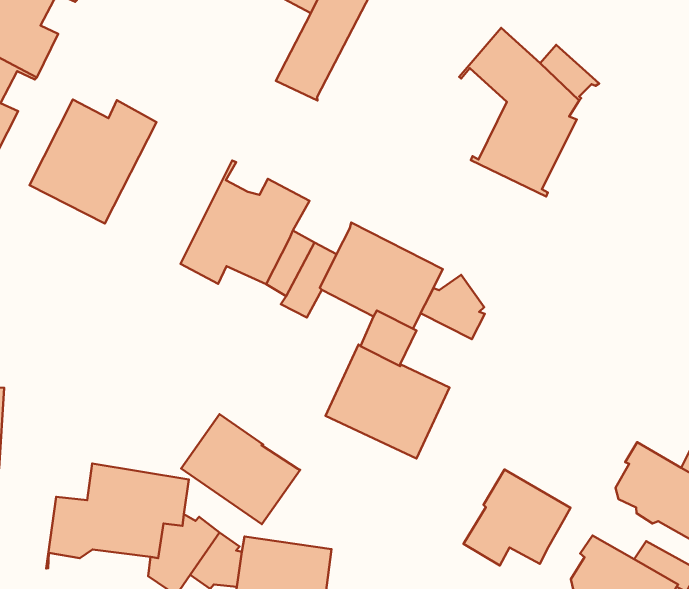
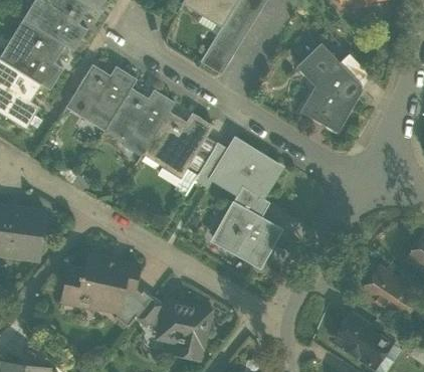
building: none -> [104,79,174,155]
building: [421,275,485,339] -> none
building: [181,414,300,524] -> none
building: [464,469,571,566] -> none

